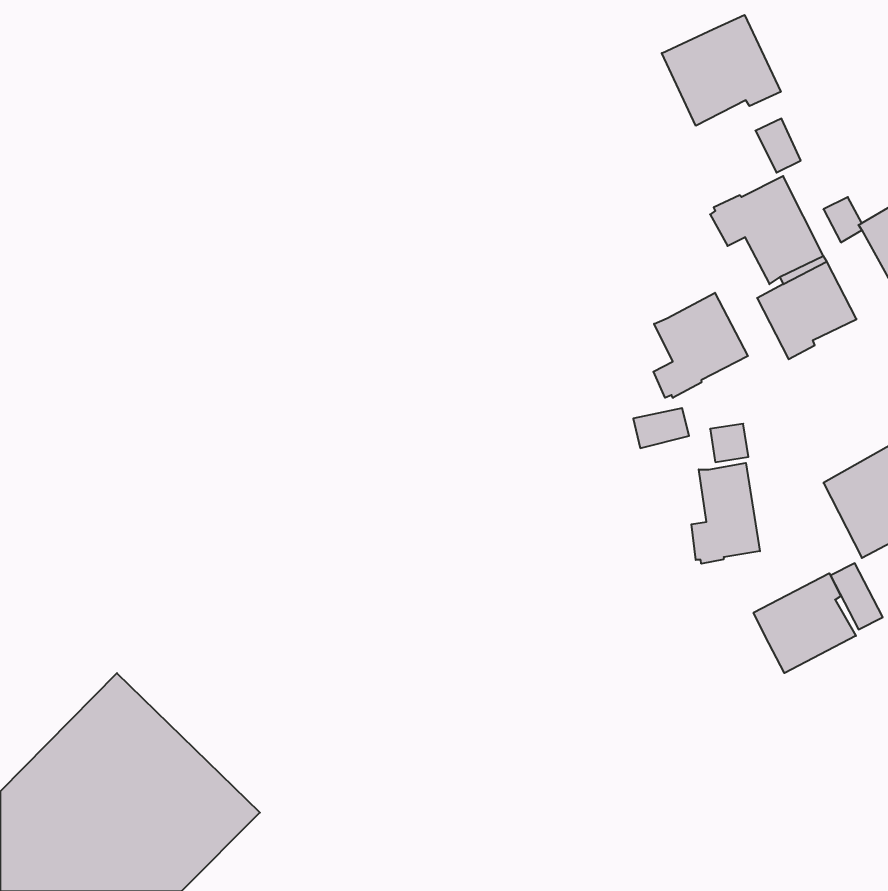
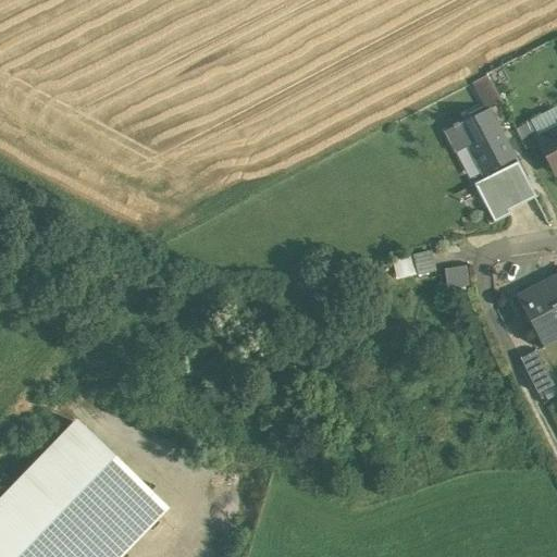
building: [662,15,781,126] -> none
building: [653,293,748,398] -> none
building: [691,463,760,564] -> none
building: [754,573,856,673] -> none

